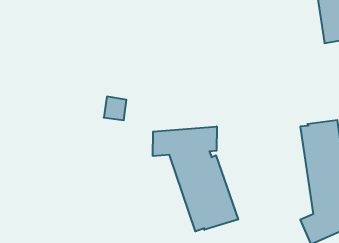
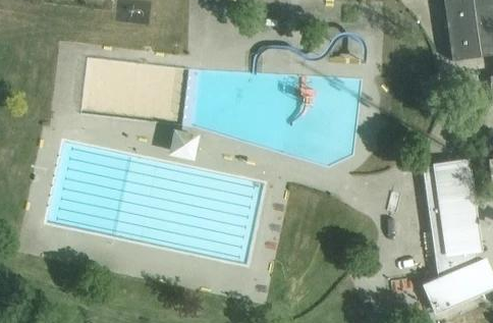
building: [153,126,238,231] -> none

